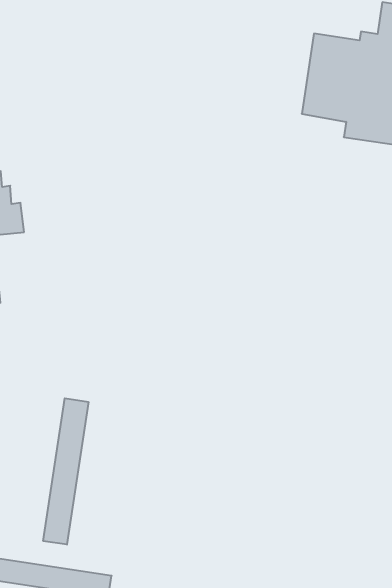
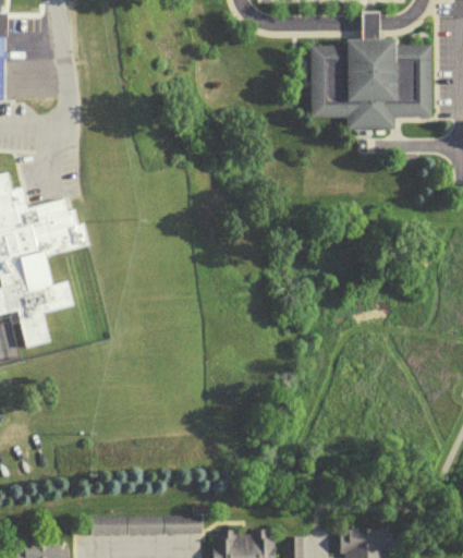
building: [43,398,88,545] -> none

